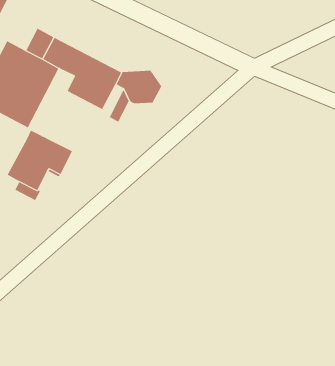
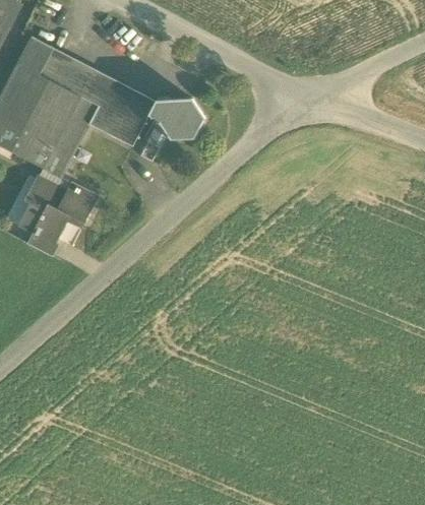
building: none -> [16,36,53,74]
building: none -> [42,96,98,177]

